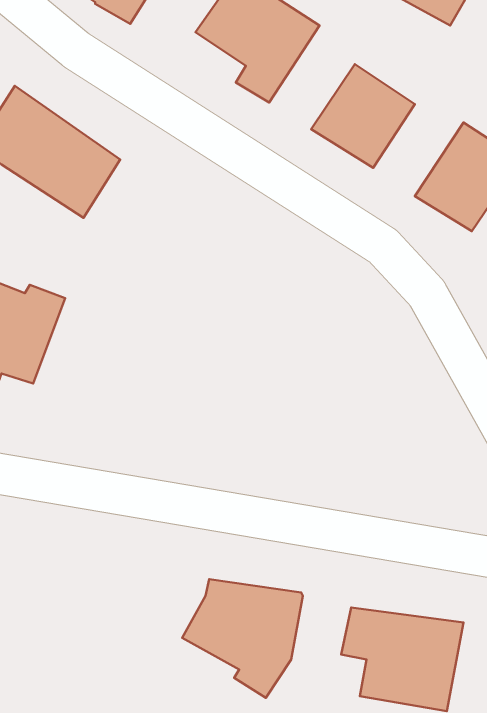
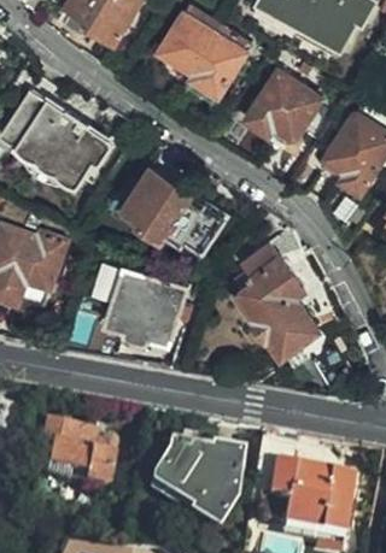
building: none -> [125,163,227,251]
building: none -> [238,242,318,357]
building: none -> [109,269,189,343]
building: none -> [40,424,112,490]

